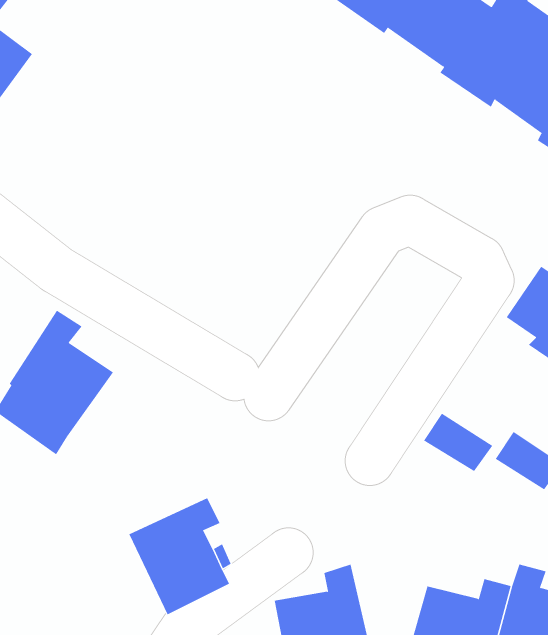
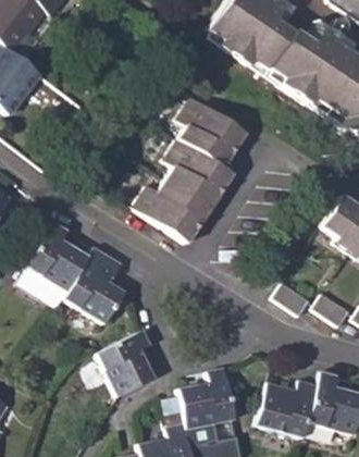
building: none -> [129,94,243,240]
building: none -> [59,246,119,322]

